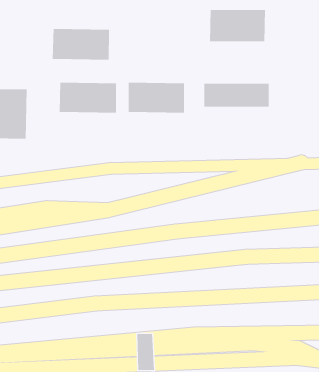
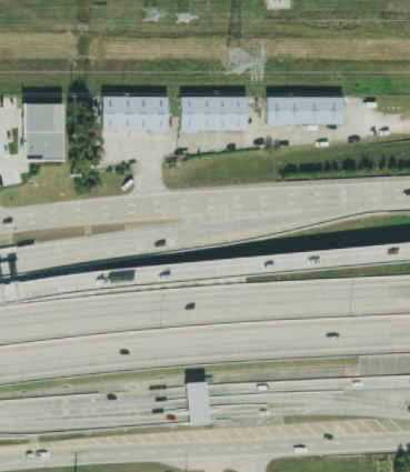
building: [210,9,265,42] -> none
building: [52,28,109,61] -> none

